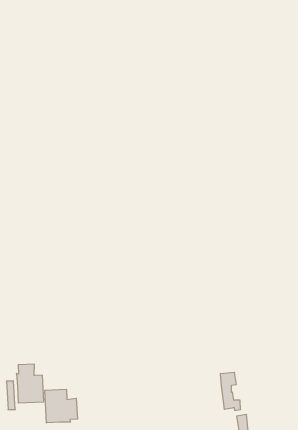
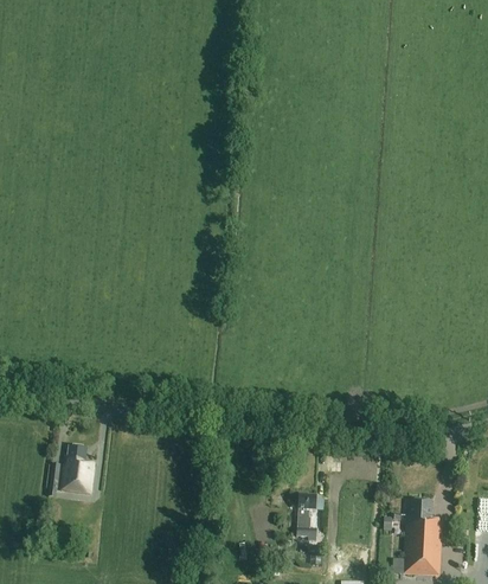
building: [45,389,77,423] -> none

